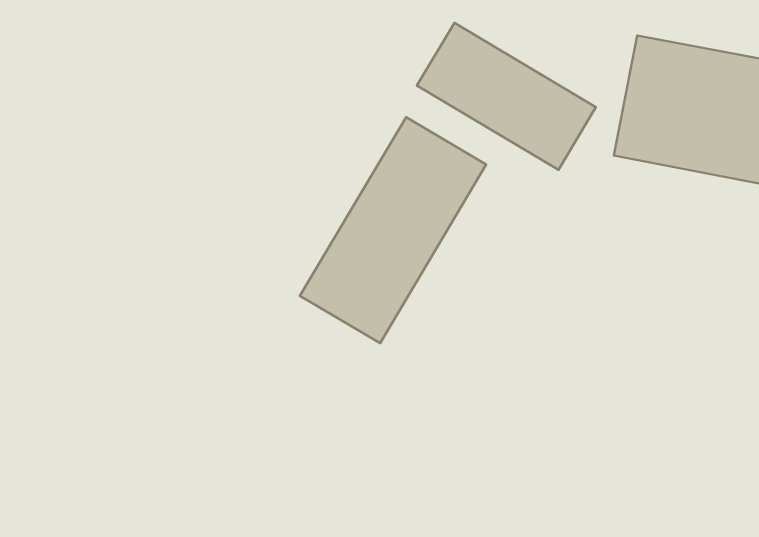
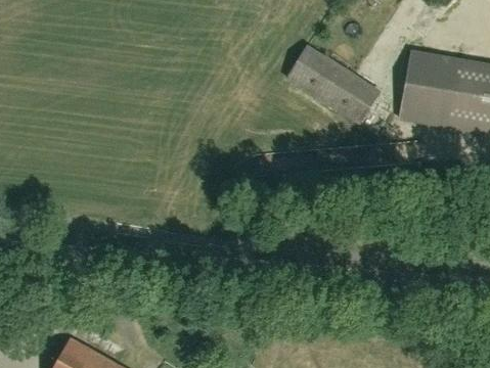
building: [300,117,486,343] -> none

